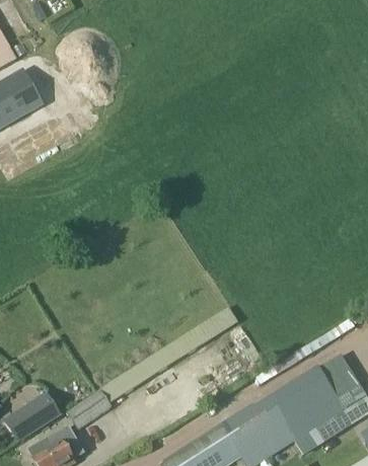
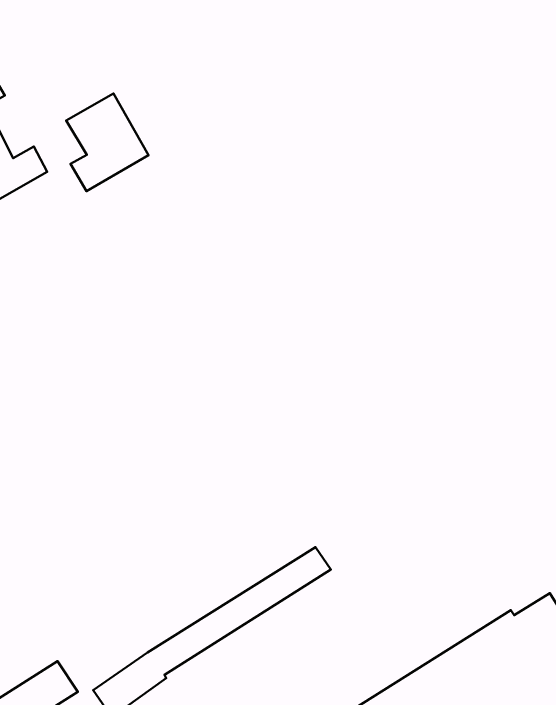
building: none -> [66,94,149,191]

